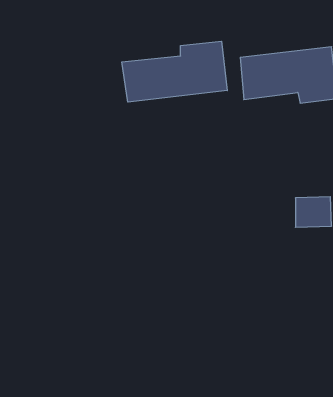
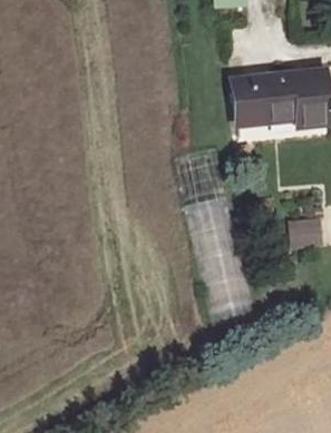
building: [122,41,227,102] -> none

